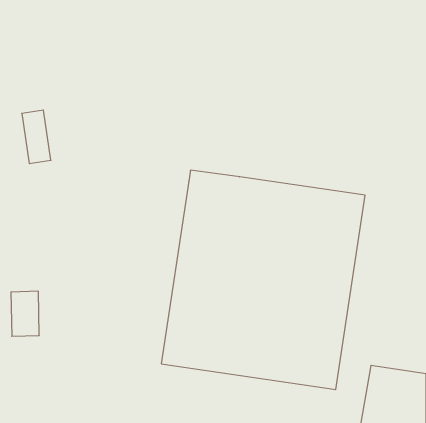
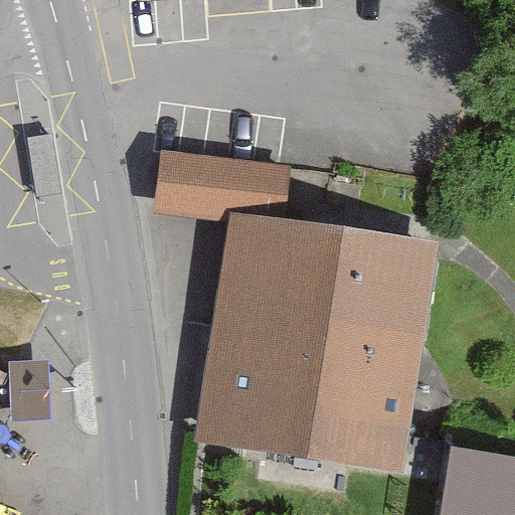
building: none -> [153,150,295,222]

